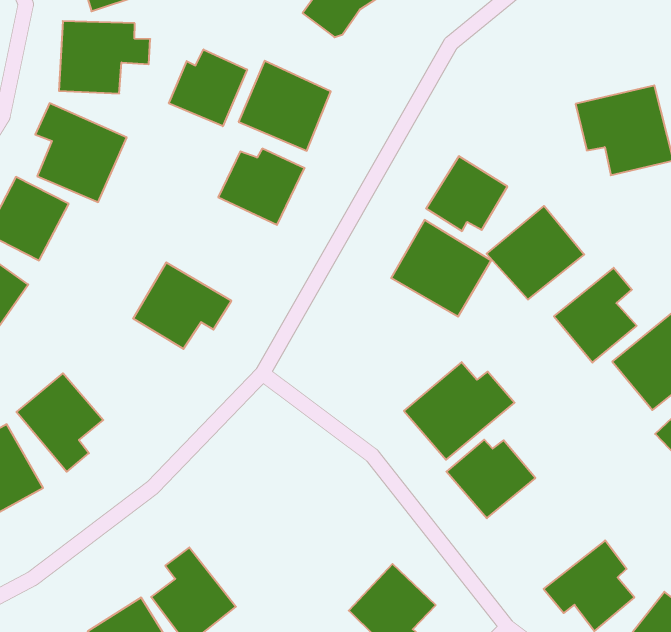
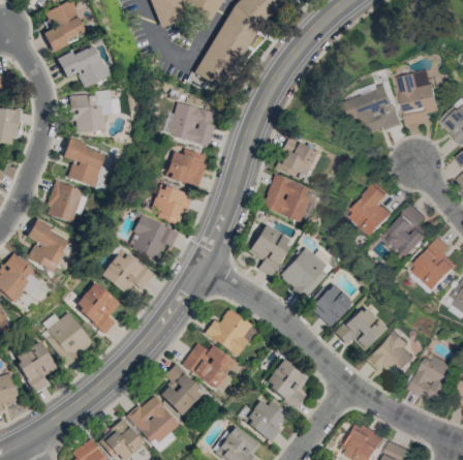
building: [169,49,247,126] -> none
building: [487,206,584,300] -> none
building: none -> [151,183,192,225]
building: none -> [248,223,291,275]
building: none -> [101,249,154,293]
building: none -> [204,309,256,356]
building: none -> [335,305,387,350]
building: none -> [181,342,235,388]

